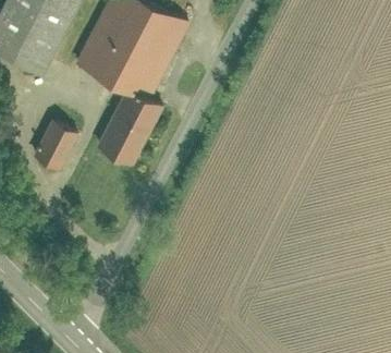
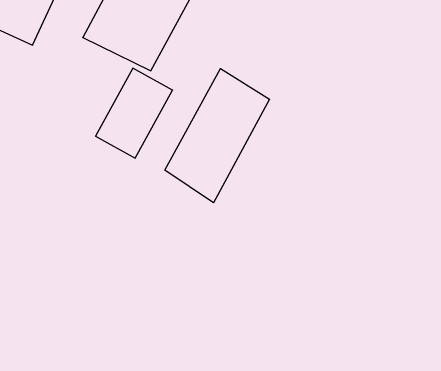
building: none -> [165,69,270,203]
building: [33,121,82,172] -> none

